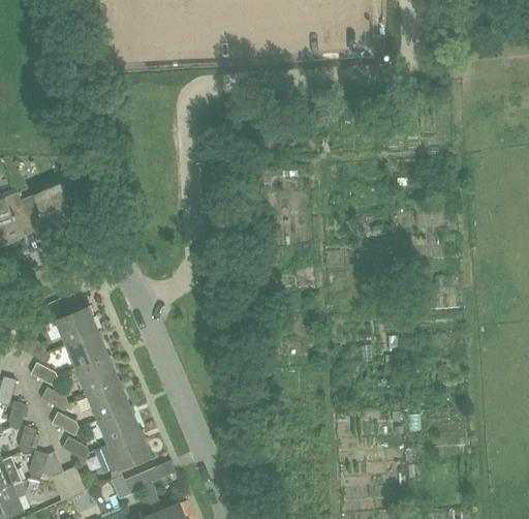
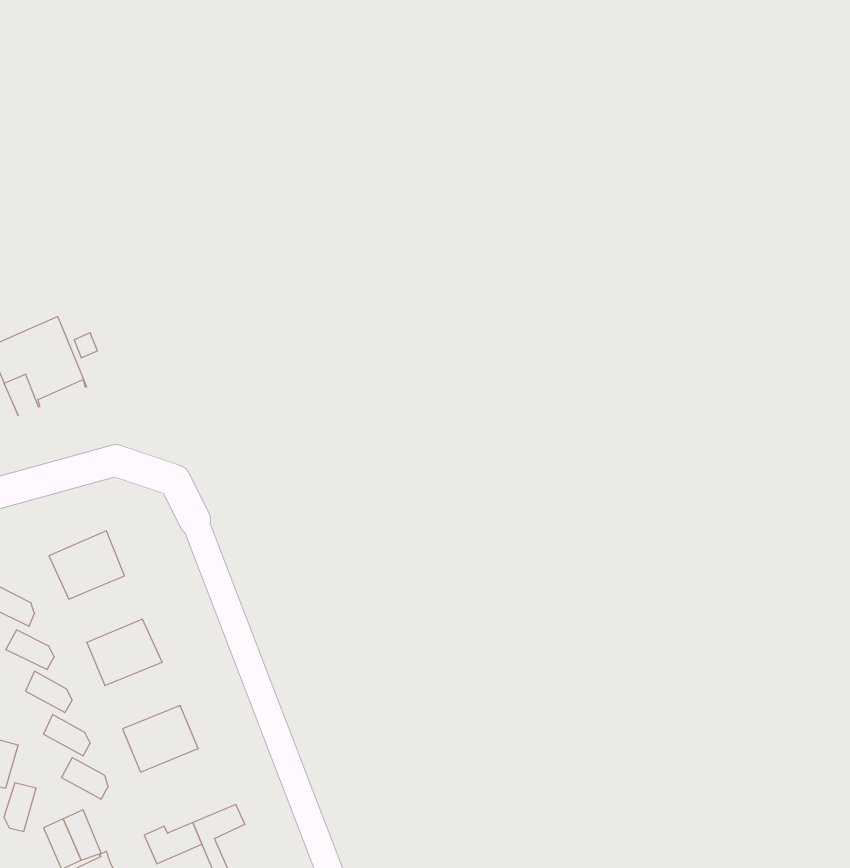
building: [66,332,108,370] -> none
building: [87,381,130,420] -> none
building: [98,431,151,474] -> none

